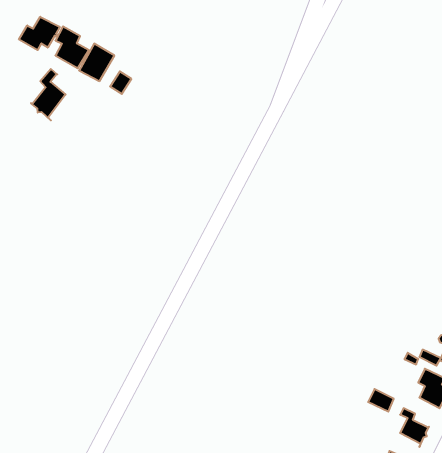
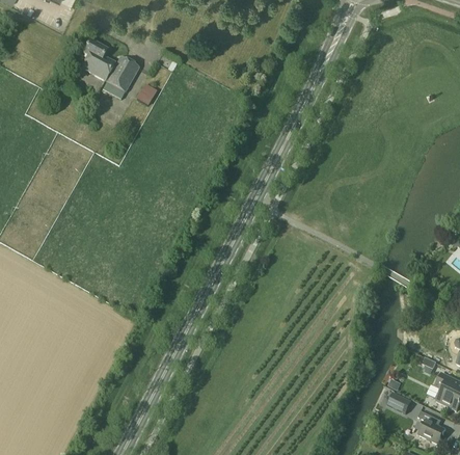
building: [19,17,60,50] -> none
building: [31,69,66,120] -> none

